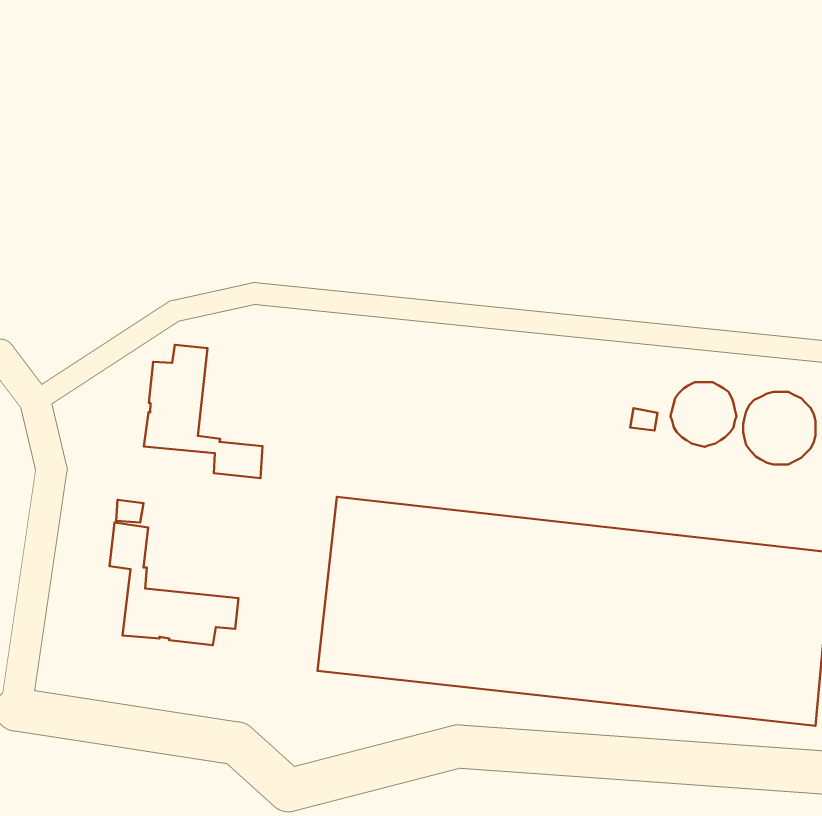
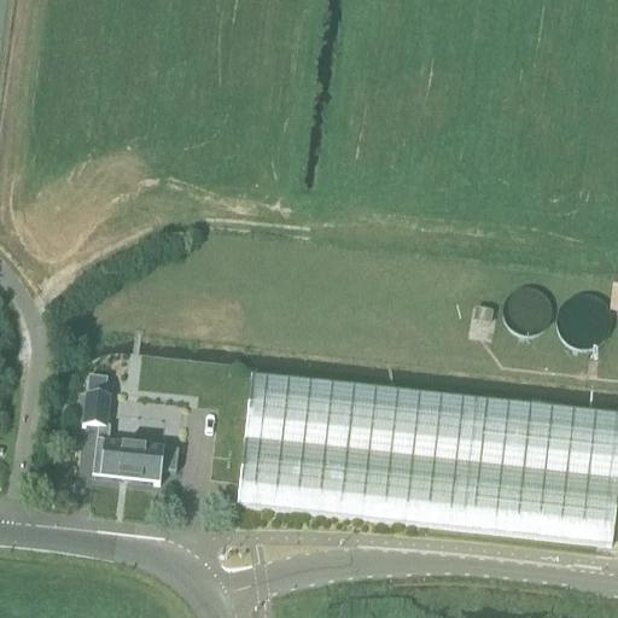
building: [144,345,263,478] -> none

